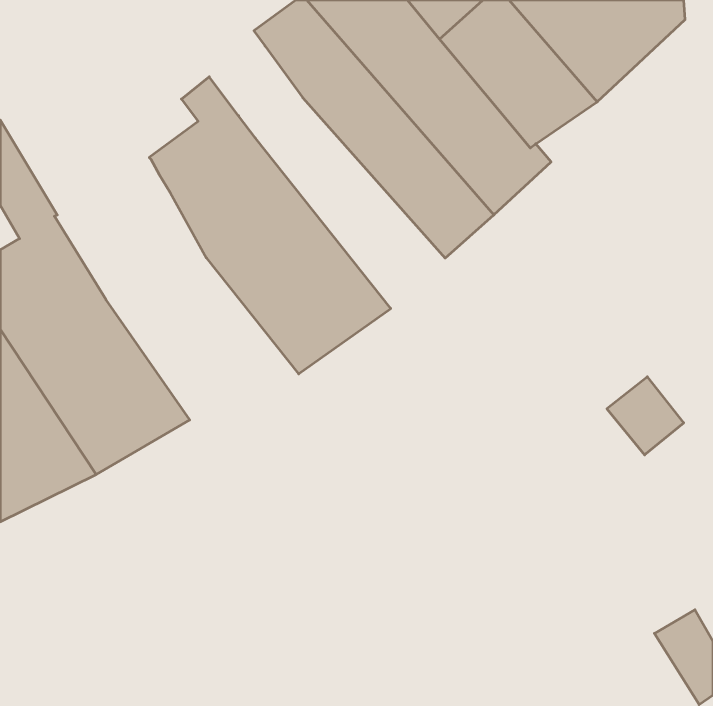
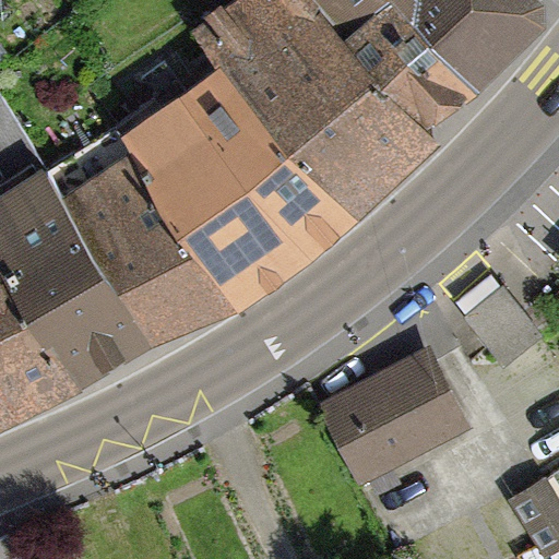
building: none -> [187,29,348,247]
building: none -> [43,130,234,334]
building: none -> [321,356,462,479]

